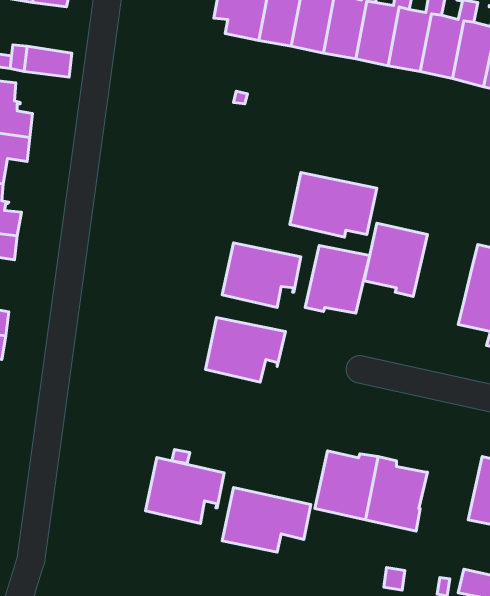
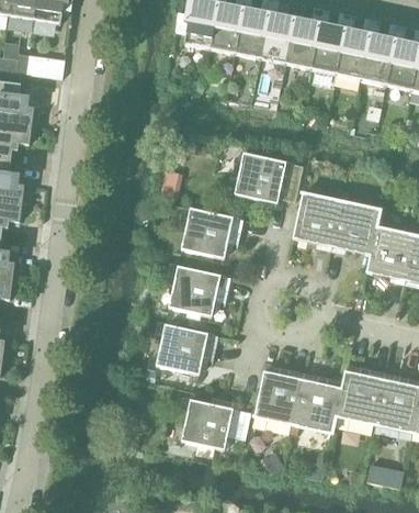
building: [305,246,370,313] -> [330,201,381,254]
building: none -> [335,370,384,424]
building: [146,457,224,523] -> [156,323,217,375]

